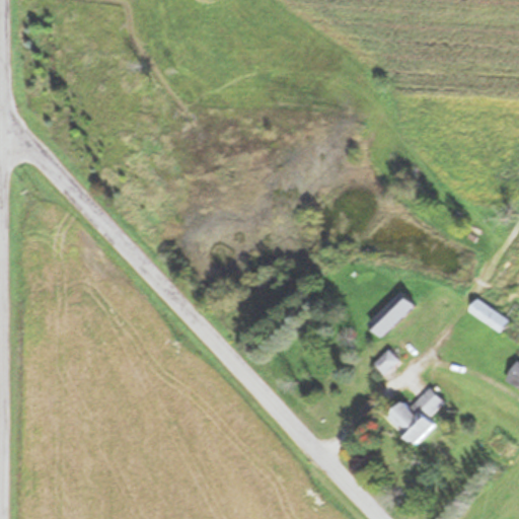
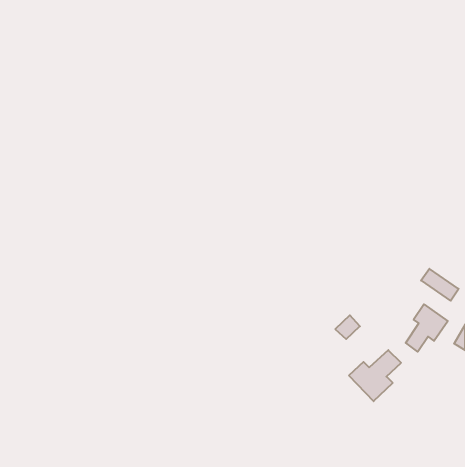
building: [368,291,415,338] -> none
building: none -> [406,304,448,352]

